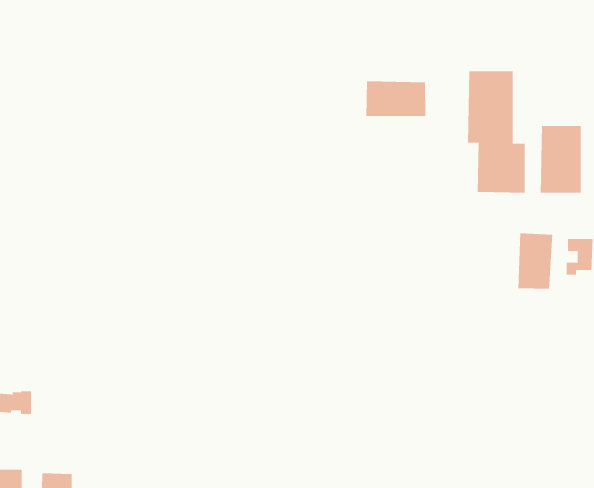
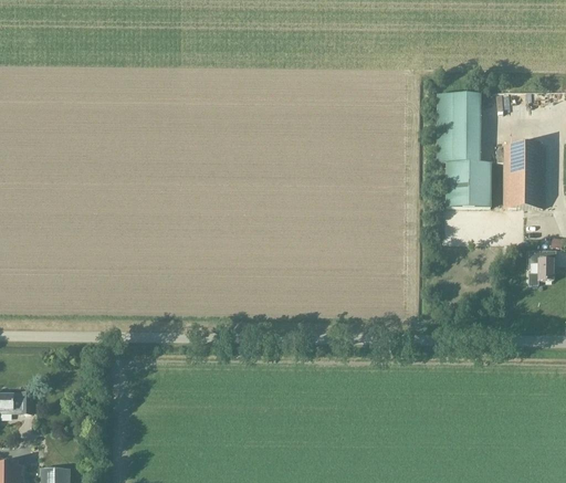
building: [366,81,426,117] -> none
building: [518,232,553,290] -> none

